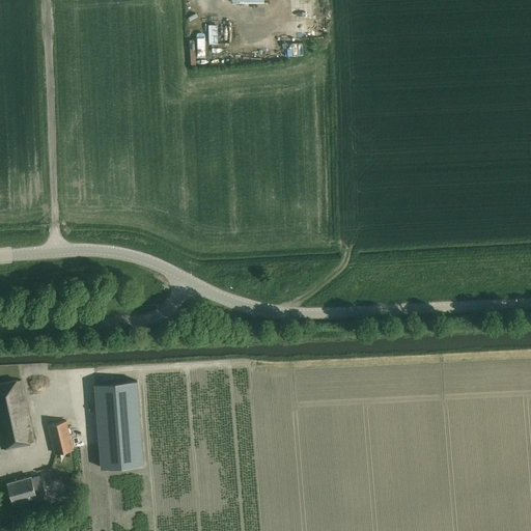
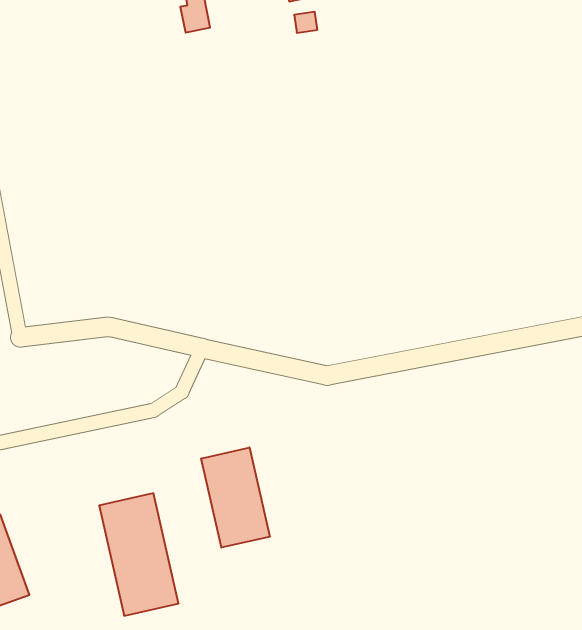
building: none -> [201,447,270,548]
building: [48,421,73,454] -> none

